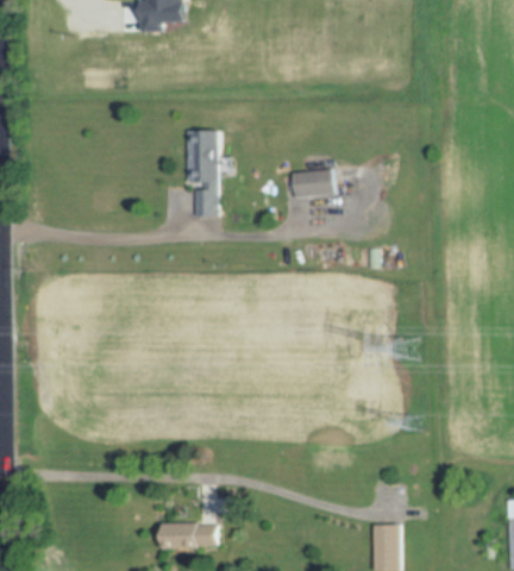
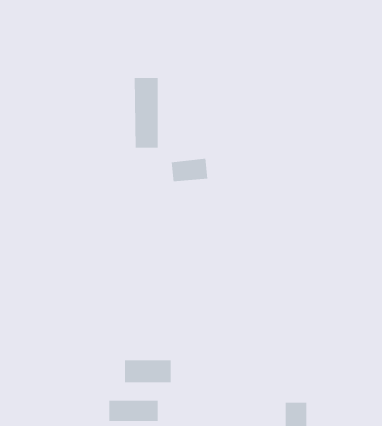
building: [290,169,336,197] -> [171,158,208,182]
building: none -> [125,359,171,383]

